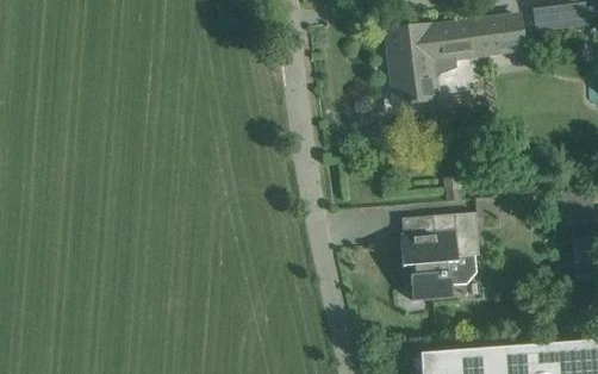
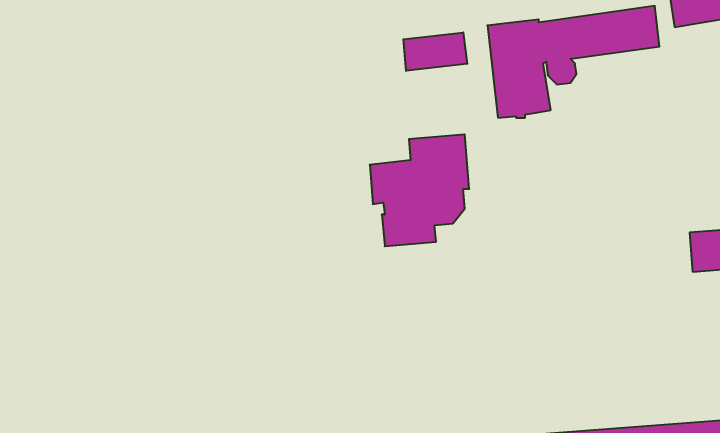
building: none -> [403,32,467,71]
building: [400,212,479,300] -> [370,134,469,246]

